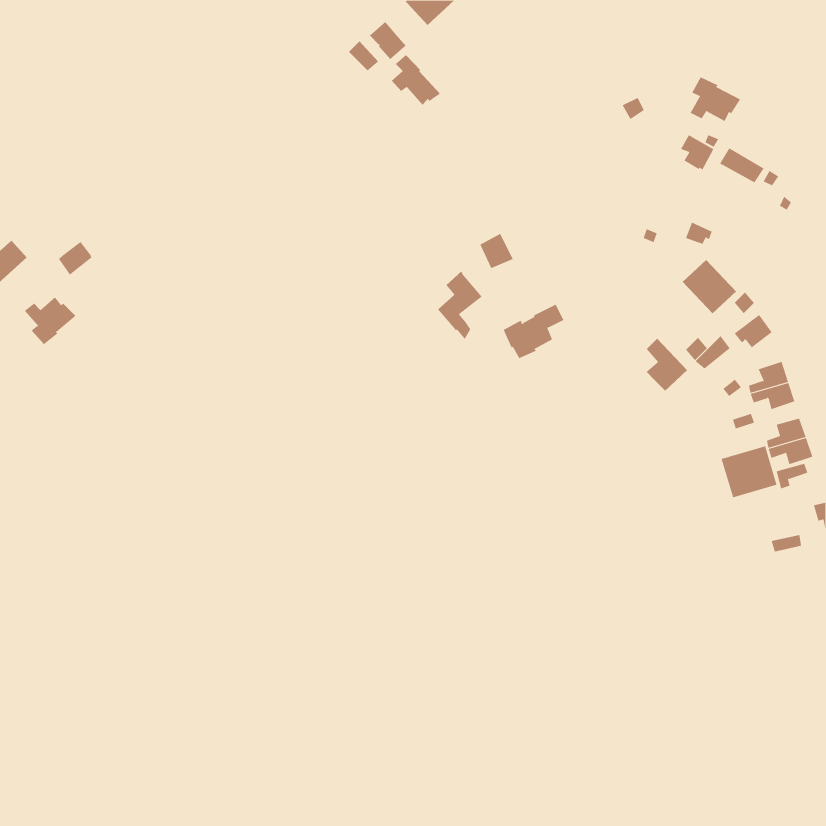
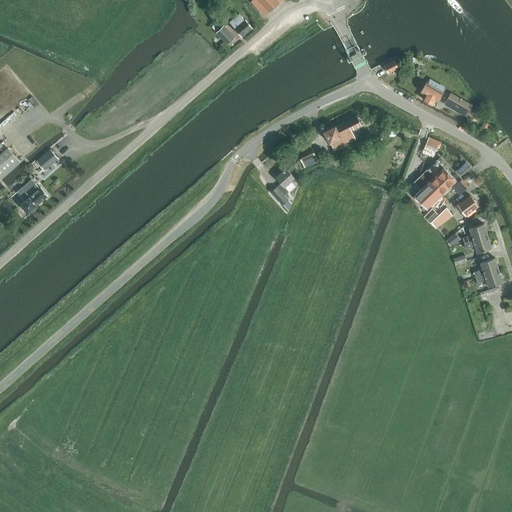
building: [391,54,441,105] -> none
building: [690,76,741,122] -> none
building: [503,304,564,359] -> [323,116,361,150]
building: [646,338,688,391] -> [414,175,440,208]
building: [721,445,777,498] -> none

